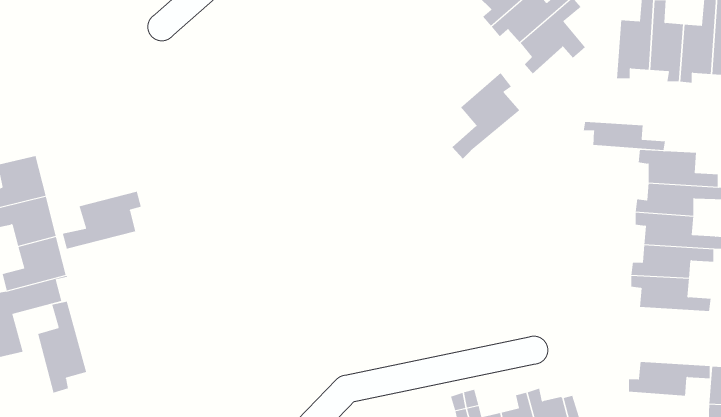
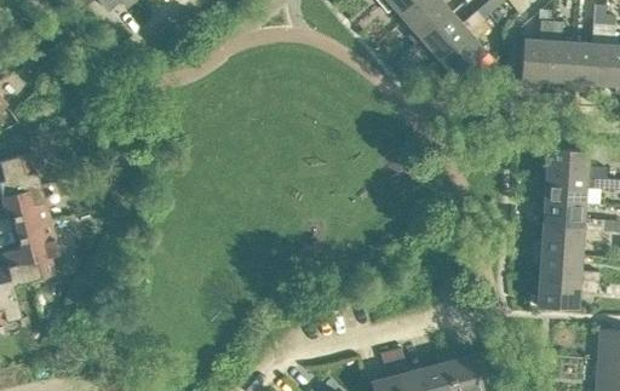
building: [451,72,520,159] -> none
building: [583,121,666,151] -> none
building: [62,191,141,250] -> none
building: [38,301,87,394] -> none
building: [628,362,710,396] -> [529,278,598,307]

